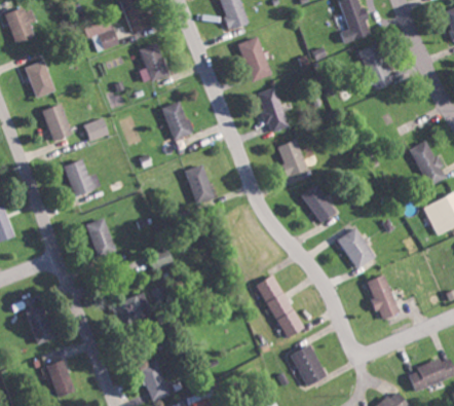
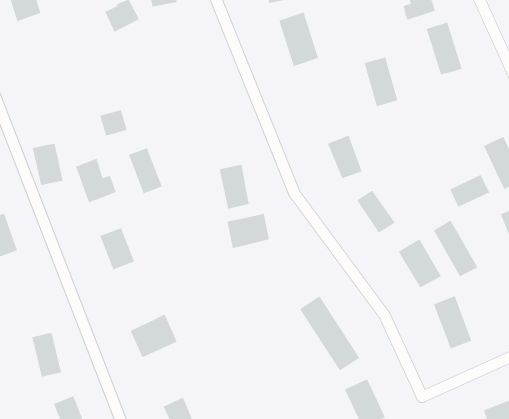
building: [139,43,168,83] -> none
building: [25,60,56,98] -> none
building: [258,89,287,132] -> [364,57,398,107]
building: [161,101,191,140] -> none
building: [44,105,71,141] -> [32,143,64,186]
building: none -> [128,148,163,194]
building: none -> [449,174,490,208]
building: none -> [227,213,269,249]
building: none -> [433,220,478,277]

